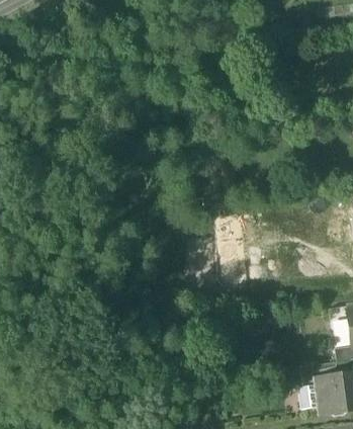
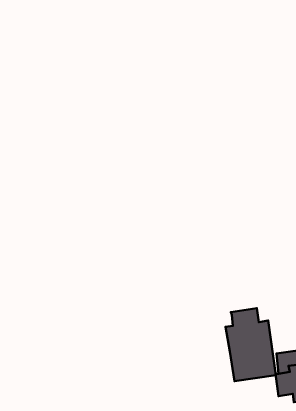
building: none -> [226,308,276,381]

